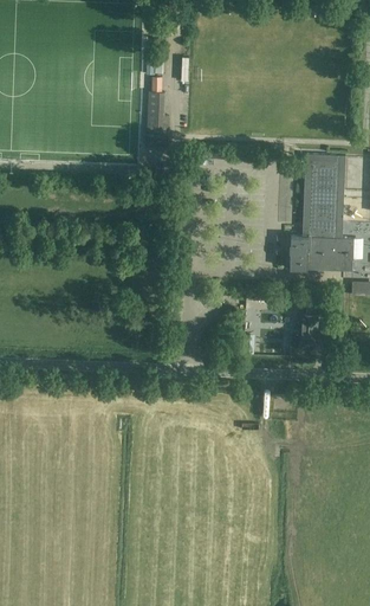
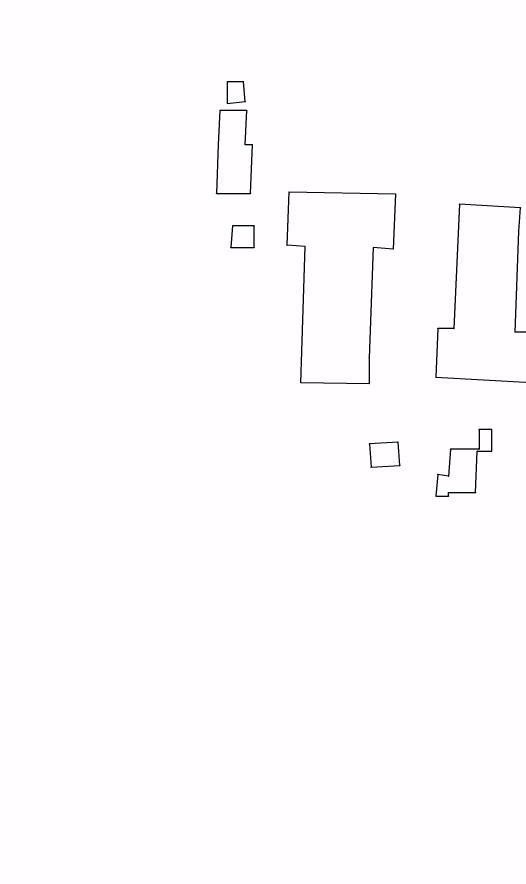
building: none -> [287,192,395,384]

